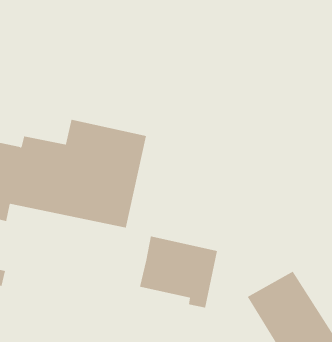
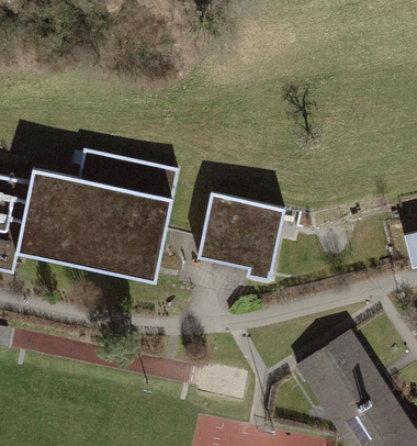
building: [139,236,218,308] -> [189,193,282,279]

